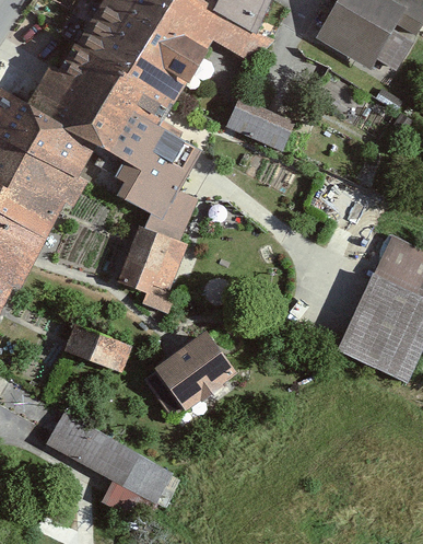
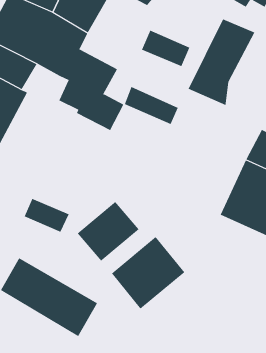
building: none -> [188,18,255,106]
building: none -> [124,86,179,125]
building: [117,230,178,298] -> none
building: none -> [111,236,185,309]

